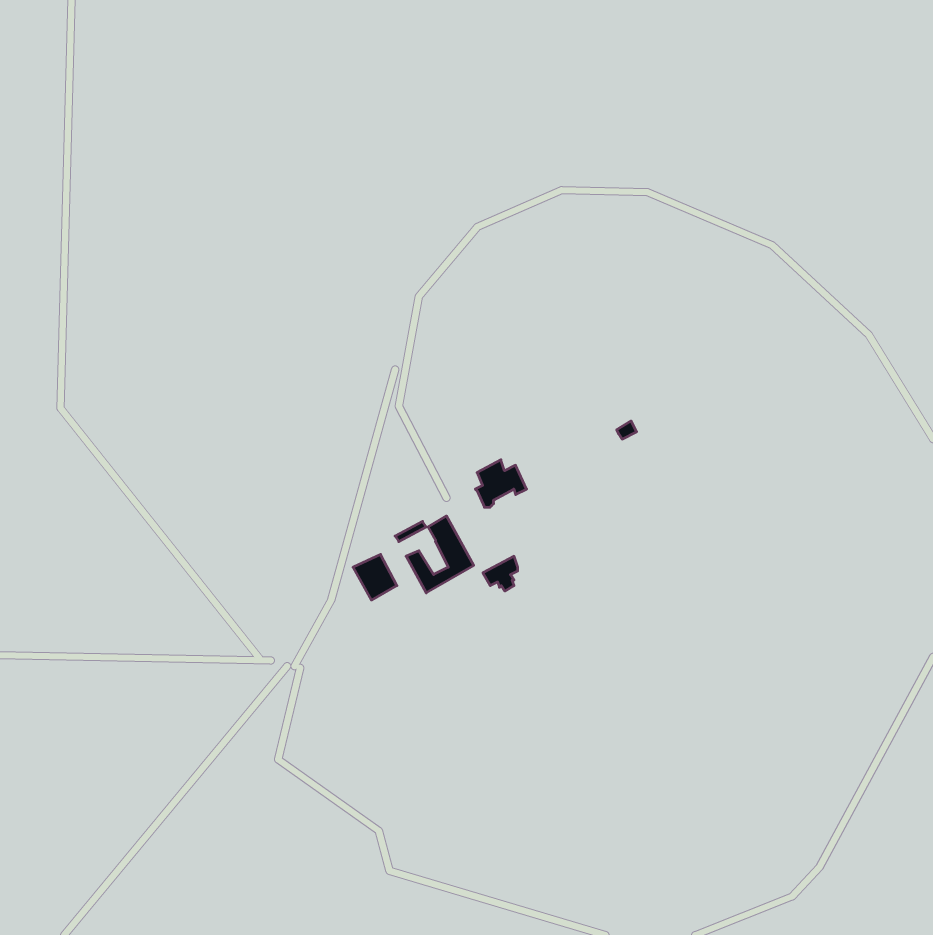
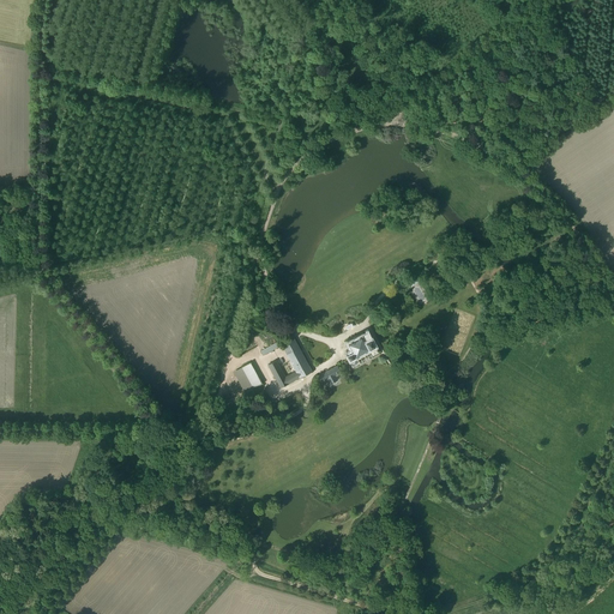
building: [475,460,527,507] -> [344,333,378,365]

